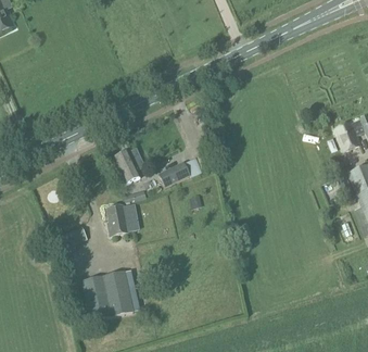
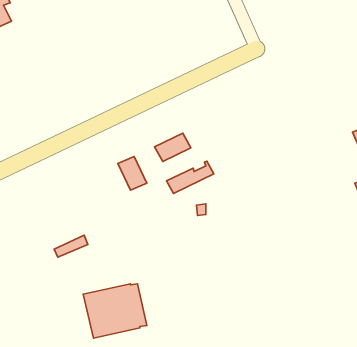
building: none -> [155,133,191,162]
building: [107,203,131,235] -> none

